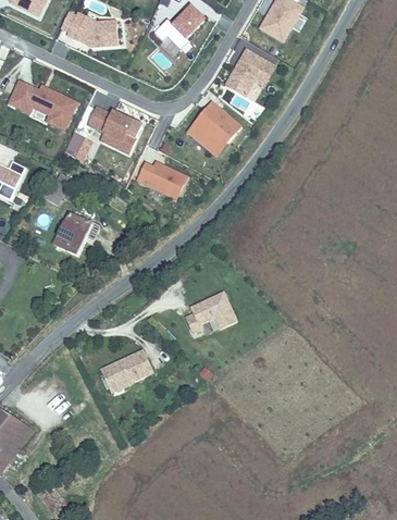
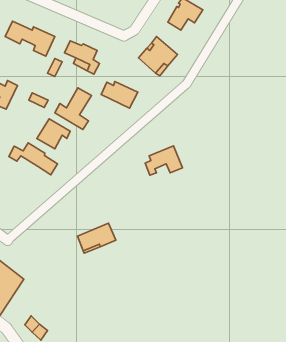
building: none -> [55,88,91,129]
building: none -> [9,143,58,175]
building: [188,290,238,330] -> [145,146,182,175]

